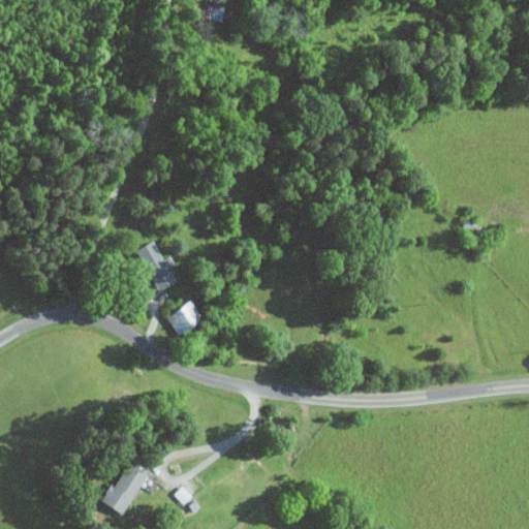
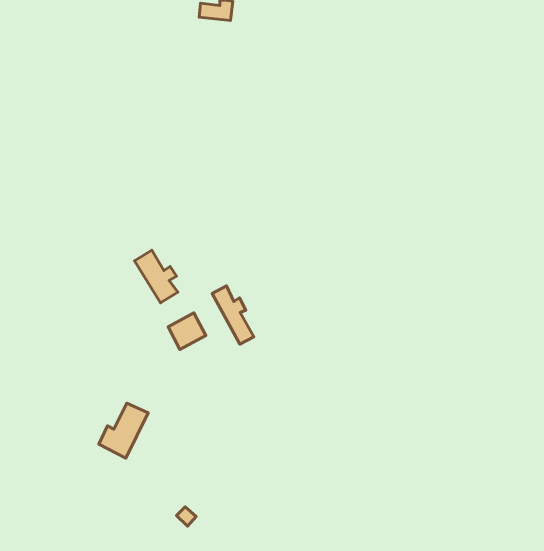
building: none -> [212,286,254,344]
building: [99,463,147,516] -> [99,403,148,458]

